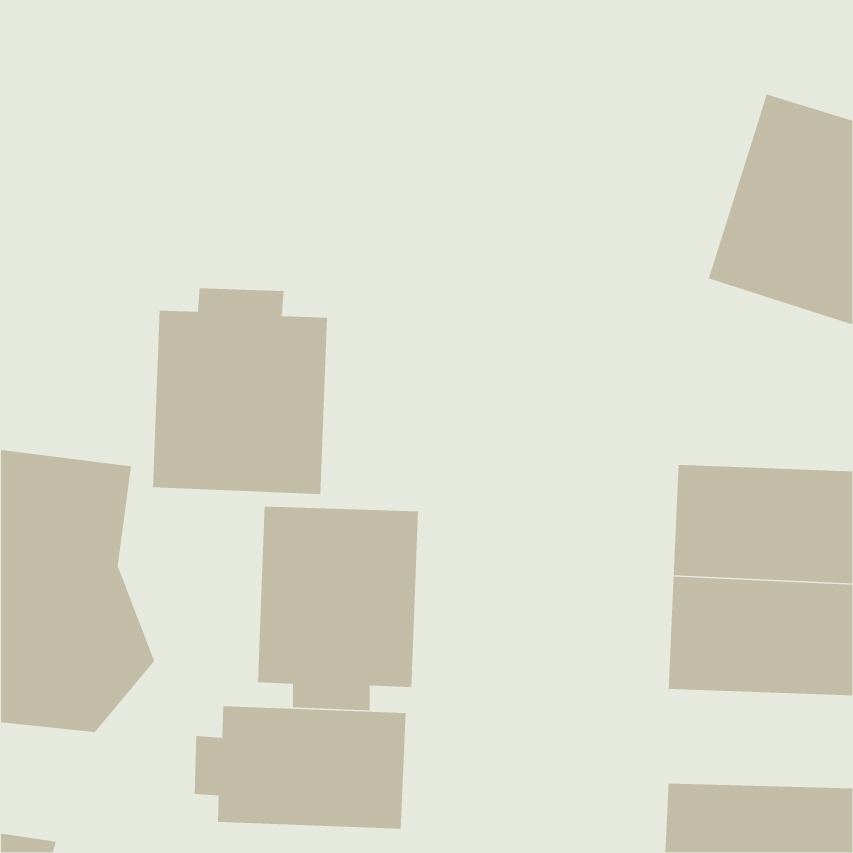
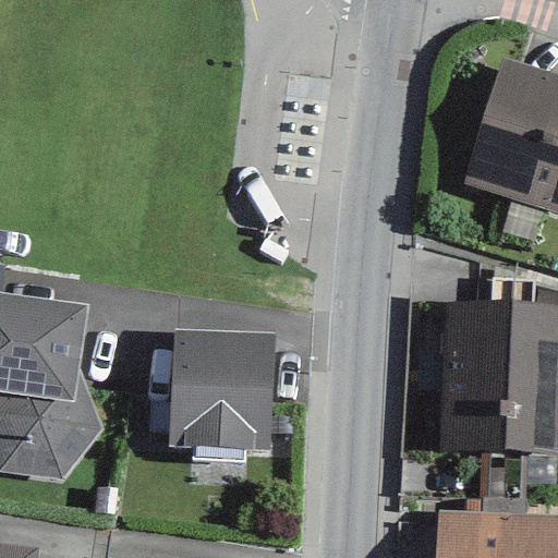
building: [152,288,328,495] -> none
building: [194,706,407,829] -> none

